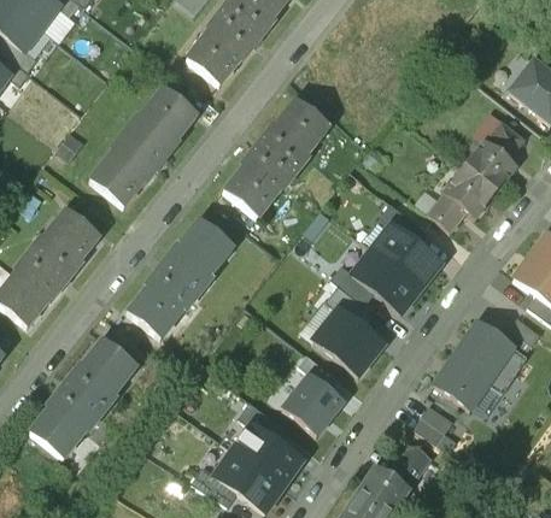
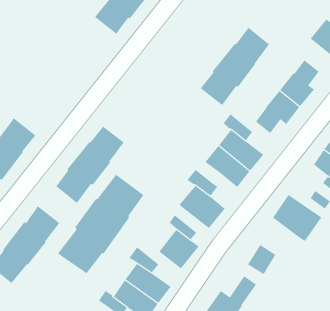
building: [92,87,197,204] -> none
building: [224,98,329,216] -> [200,27,270,106]
building: [330,263,375,305] -> none
building: none -> [57,174,144,274]
building: [435,357,488,408] -> none

